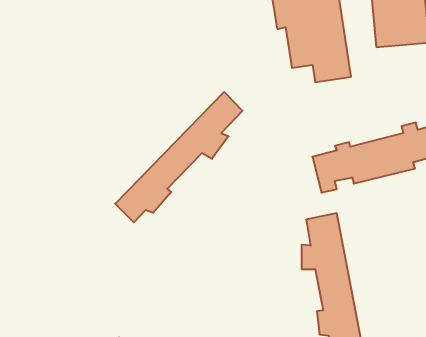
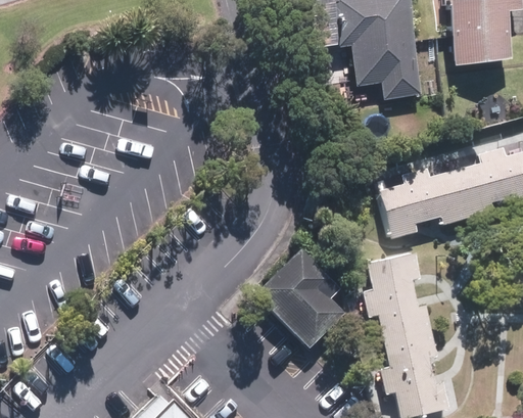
building: [115,92,243,222] -> none
building: none -> [266,253,345,340]

